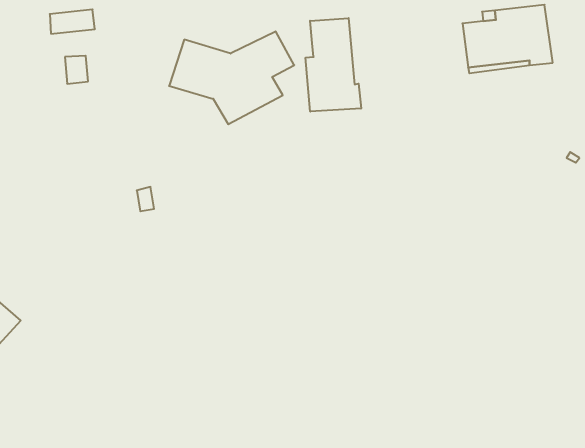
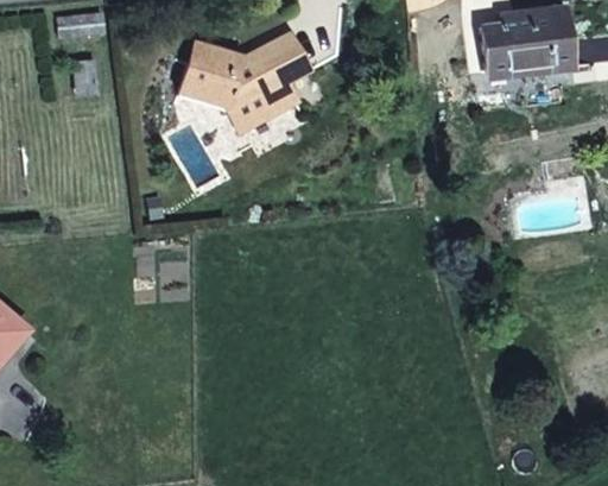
building: [306,18,361,112] -> none

